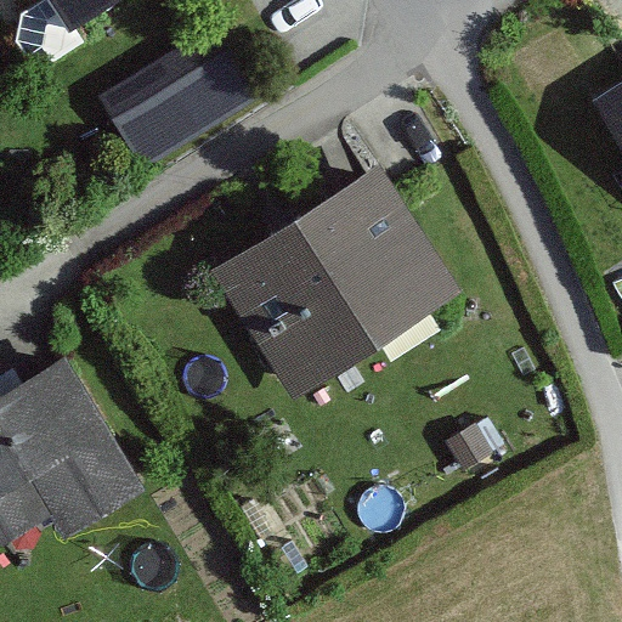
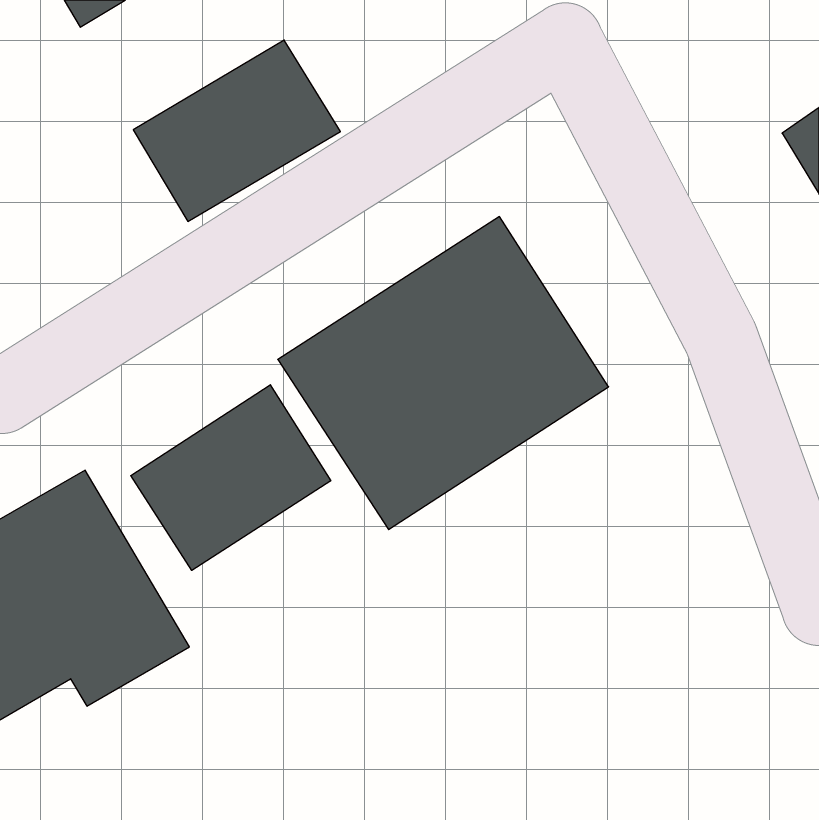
building: none -> [131,385,331,570]

